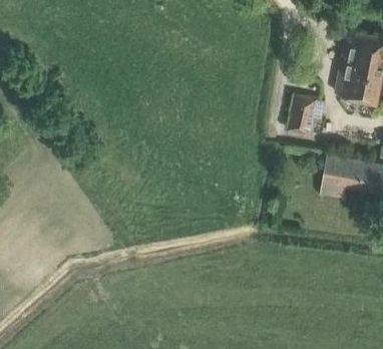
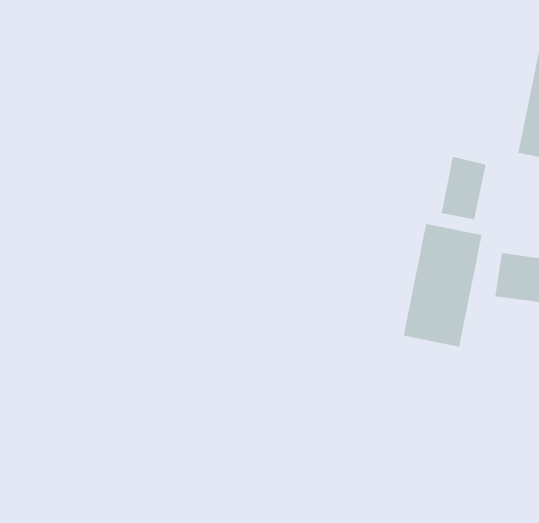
building: none -> [403,223,482,347]

